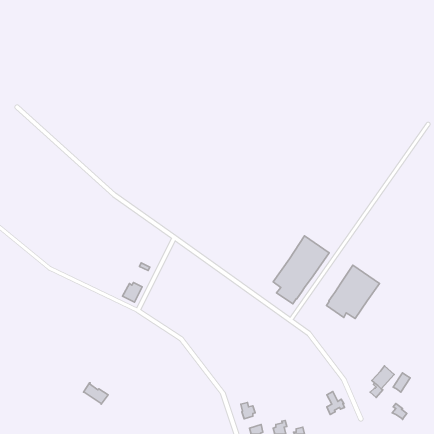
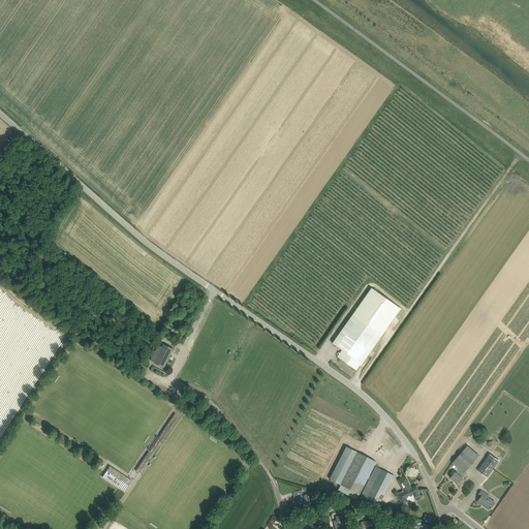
building: [327,265,380,319] -> none
building: none -> [339,450,393,505]

